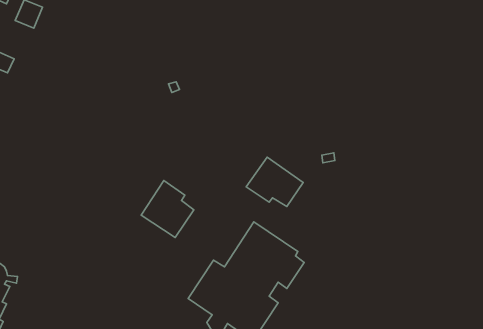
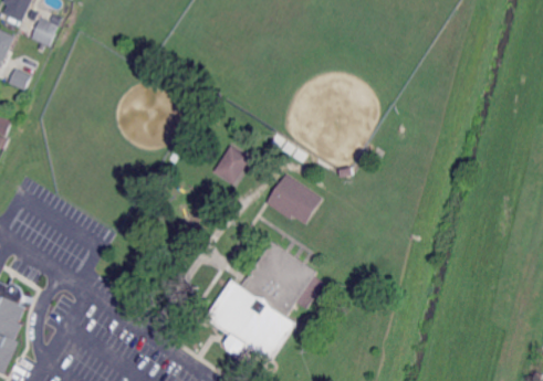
building: none -> [213,145,249,182]
building: [141,181,194,238] -> none

